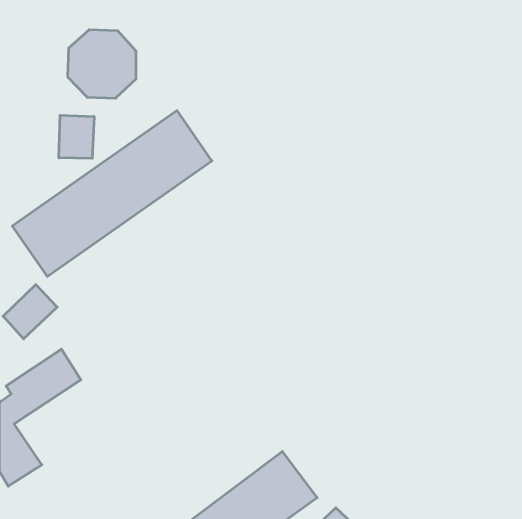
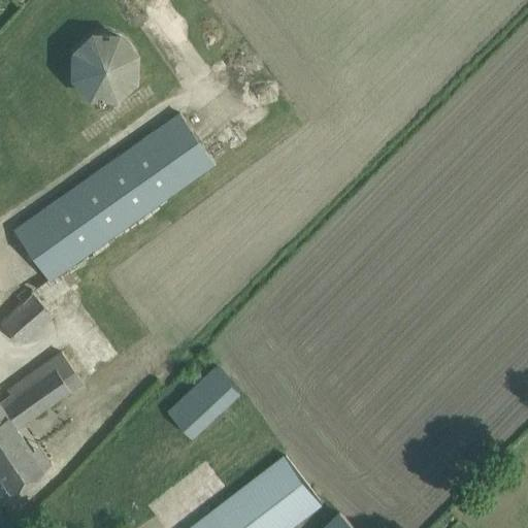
building: [59,115,94,158] -> none
building: none -> [166,368,238,438]

